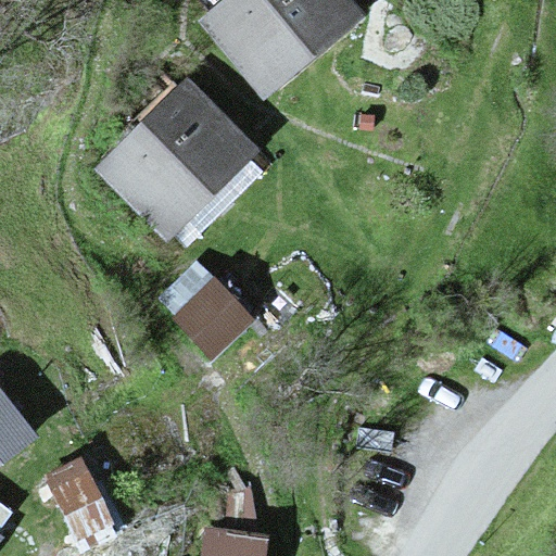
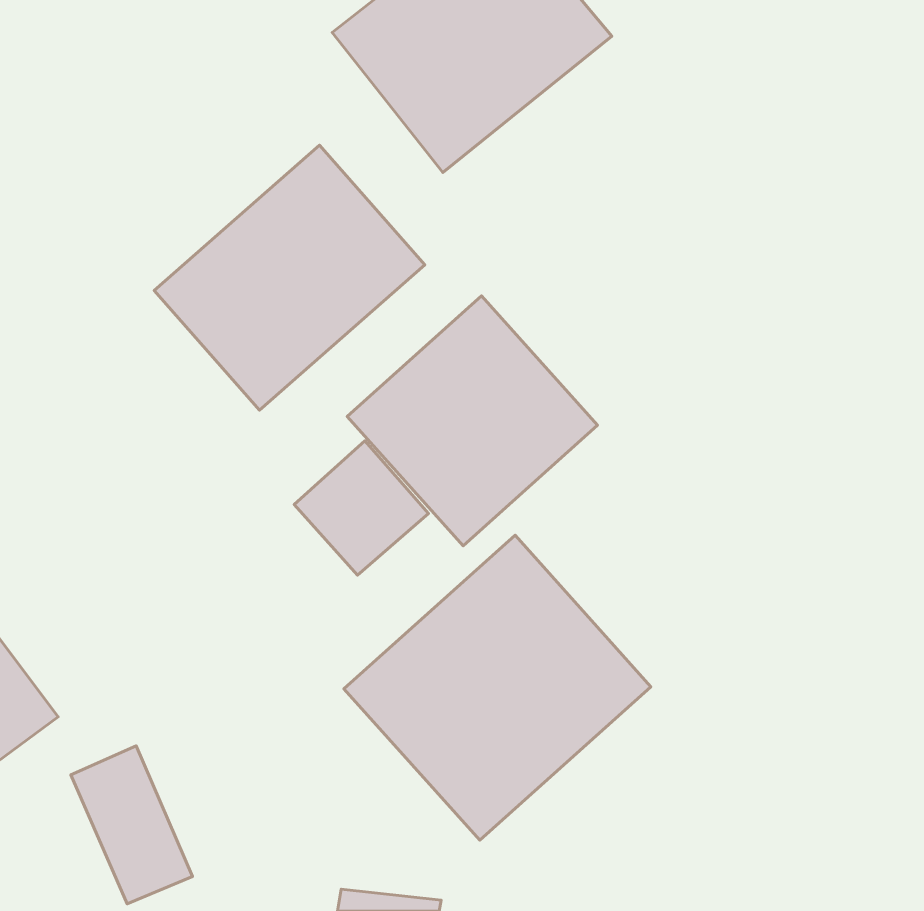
building: none -> [347,296,597,546]
building: none -> [344,535,651,840]

